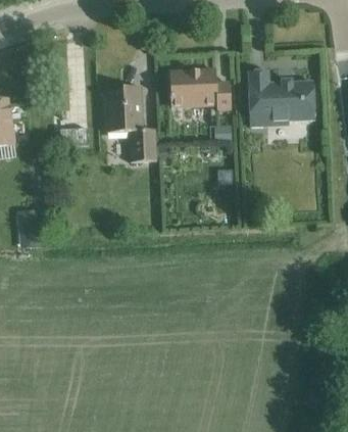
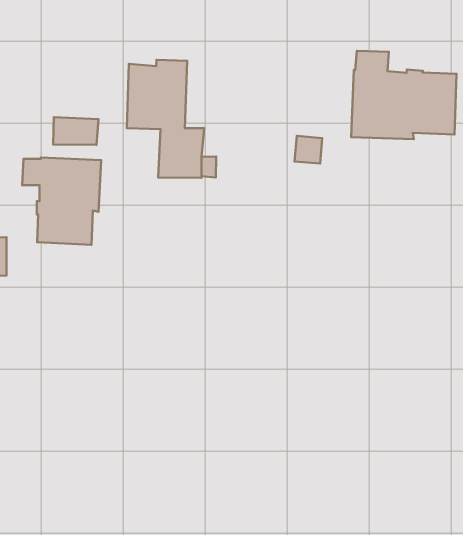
building: [169,68,231,108] -> none
building: none -> [22,158,101,245]

